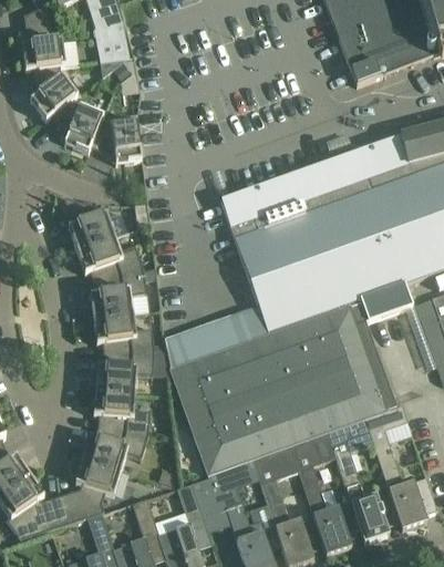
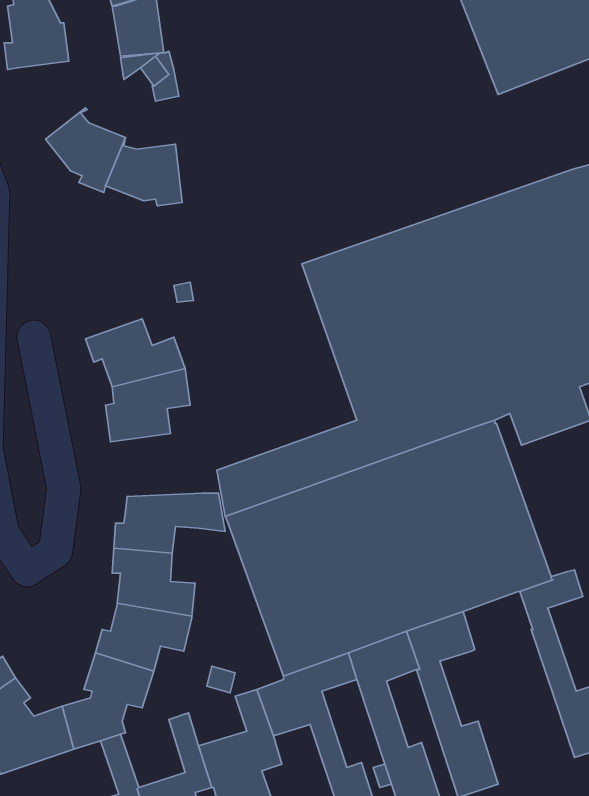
building: [31,63,76,118] -> none
building: [63,194,114,248] -> none
building: [93,311,165,353] -> none
building: [328,416,389,542] -> none

